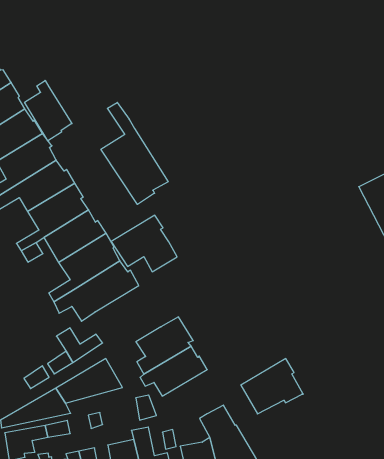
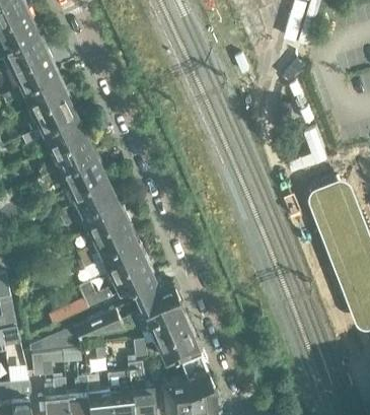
building: [25,80,72,141] -> none
building: [101,102,168,204] -> none
building: [111,215,177,272] -> [109,253,158,295]
building: [241,359,303,414] -> [153,323,200,362]

